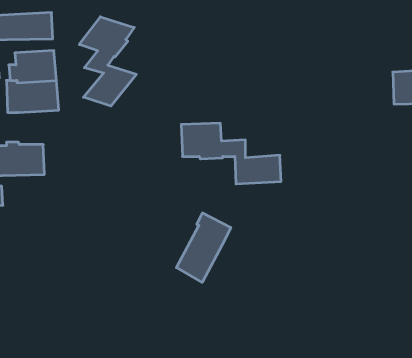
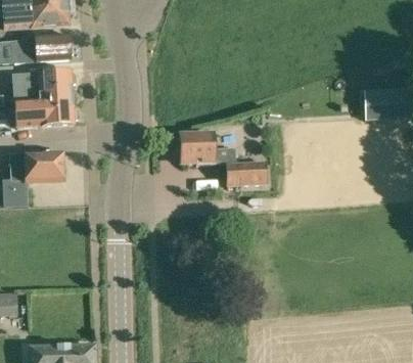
building: [79,17,136,106] -> none
building: [176,213,231,282] -> none

